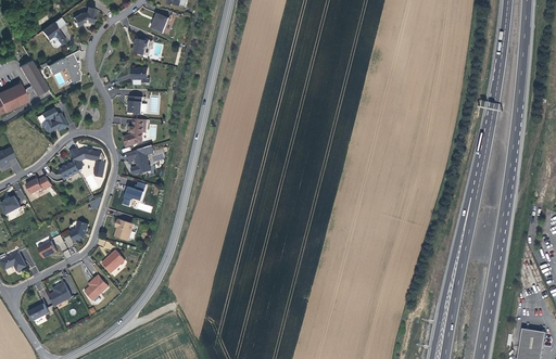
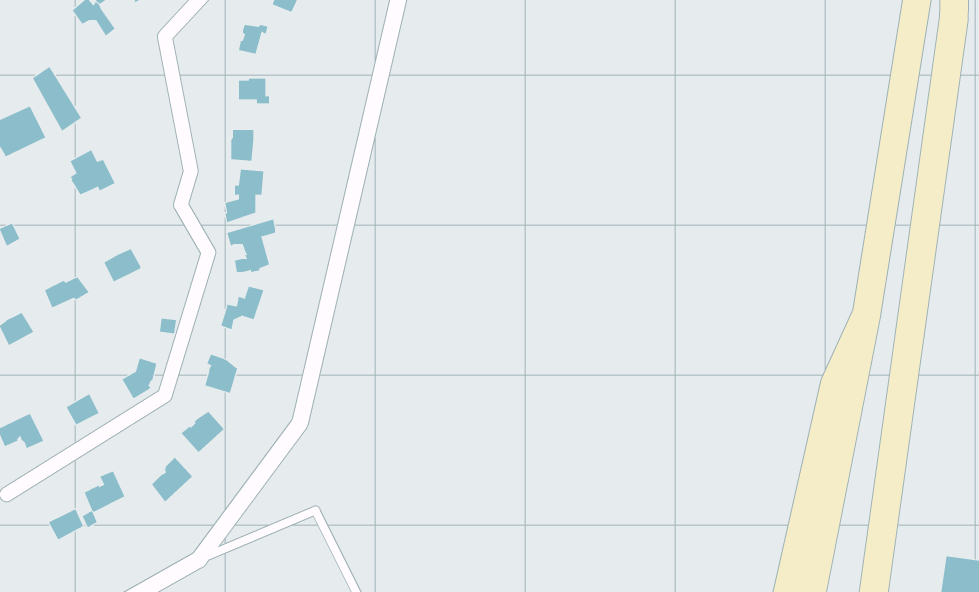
building: [46,52,80,84] -> none
building: [70,150,105,180] -> none

